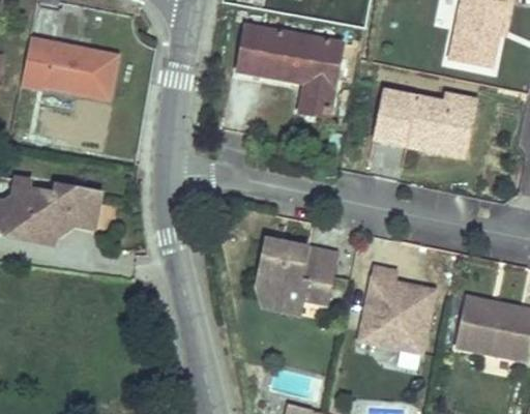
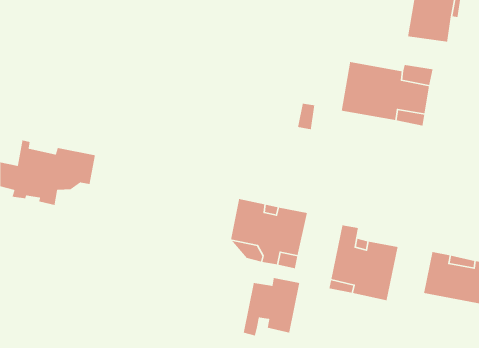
building: [237,24,347,119] -> none
building: [25,40,120,99] -> none
building: none -> [243,277,300,336]

